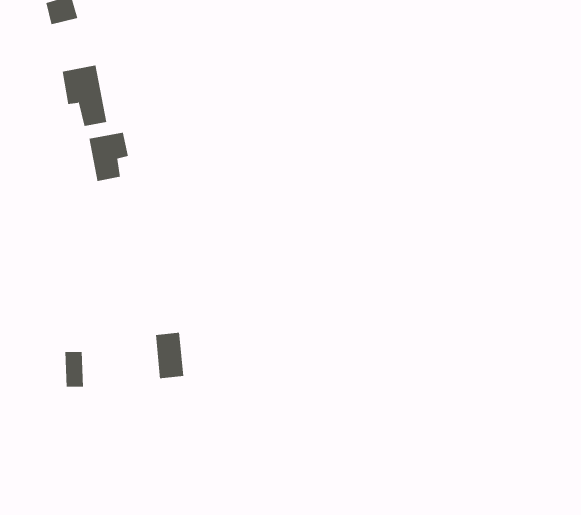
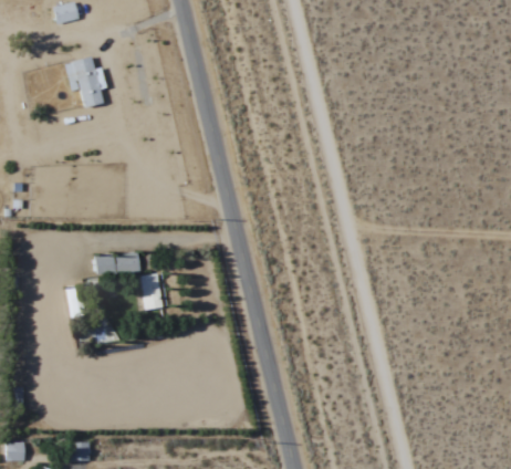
building: [89,132,129,182] -> none
building: none -> [95,253,139,273]

